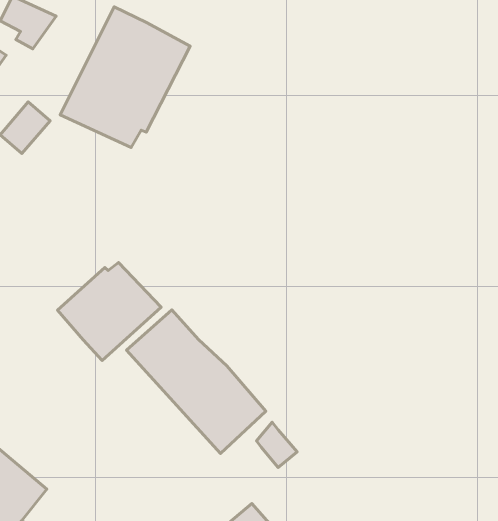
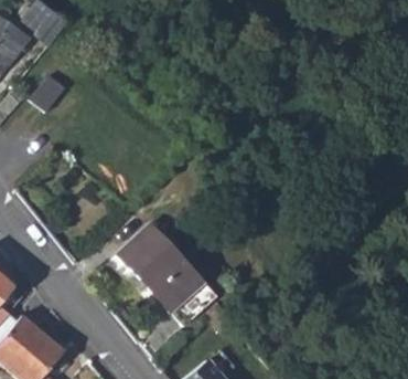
building: [60,7,190,148] -> none
building: [57,262,161,361] -> none

